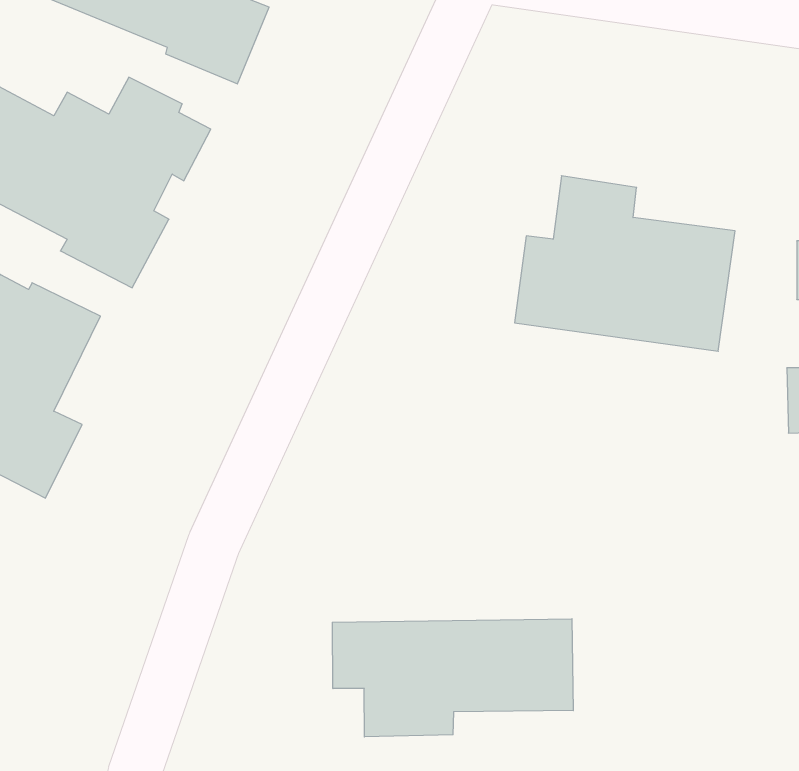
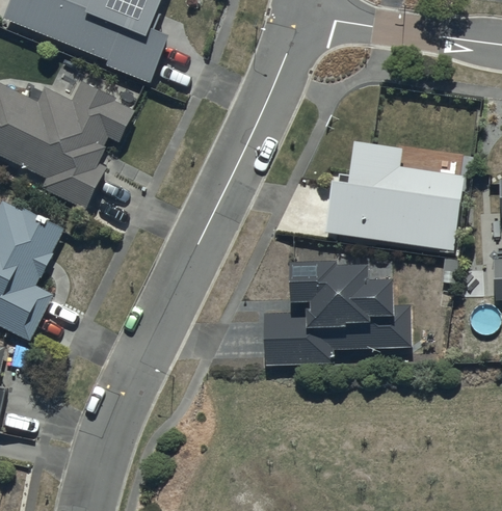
building: none -> [264,258,411,364]
building: [332,619,573,737] -> none

